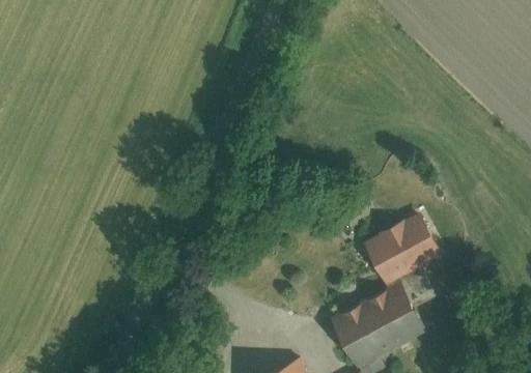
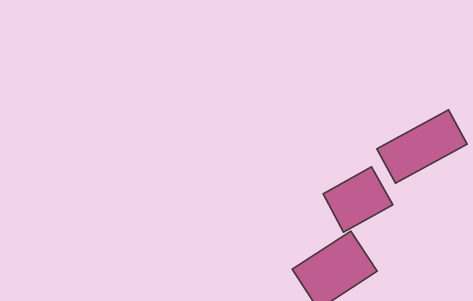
building: none -> [377,110,467,183]

